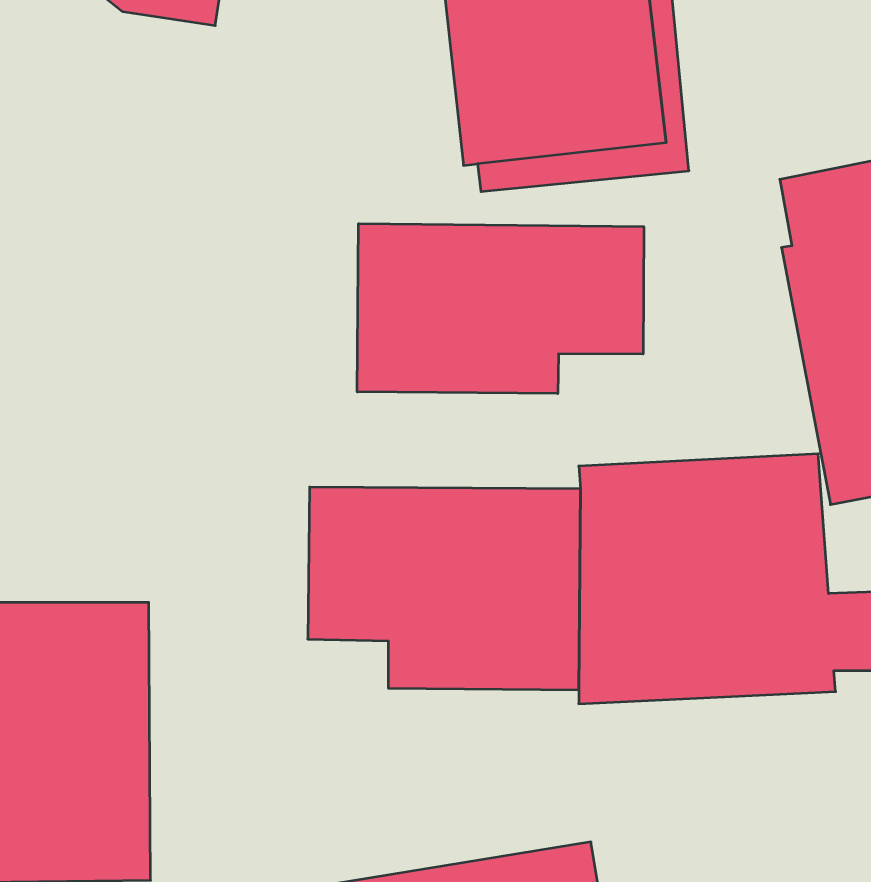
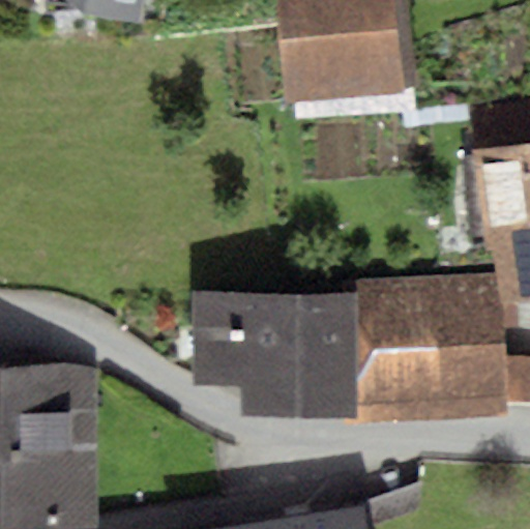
building: [357,224,644,394] -> none

